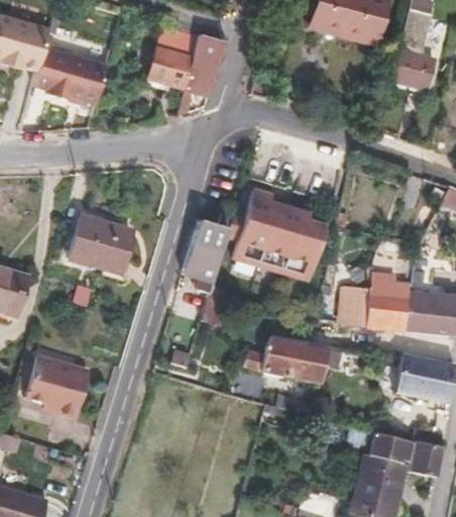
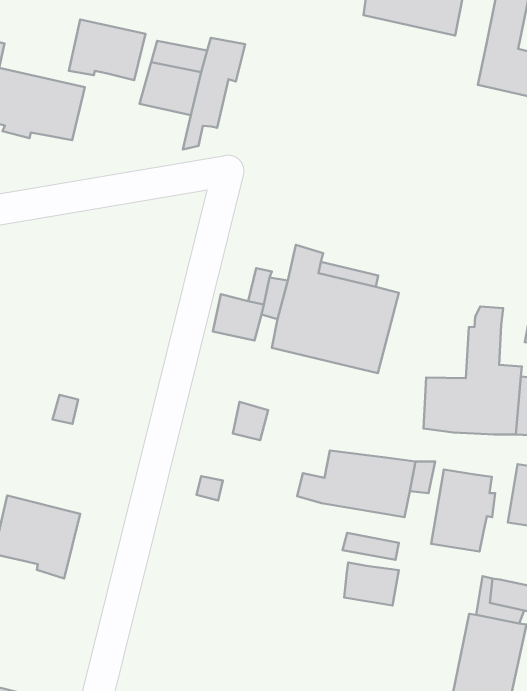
building: none -> [69,20,145,80]
building: [68,214,133,274] -> none
building: [185,245,221,294] -> none
building: none -> [431,470,495,551]
building: none -> [344,563,399,606]

